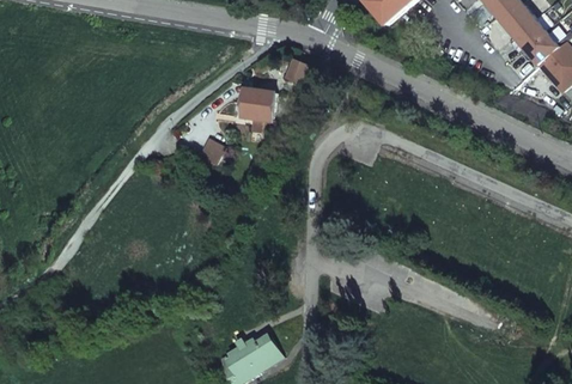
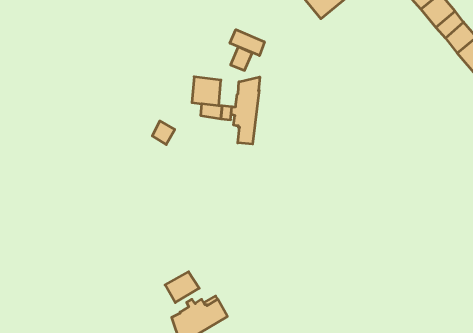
building: none -> [230,30,264,56]
building: none -> [231,77,260,144]
building: none -> [165,272,199,303]

